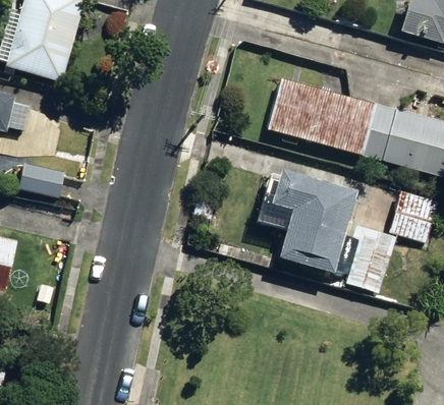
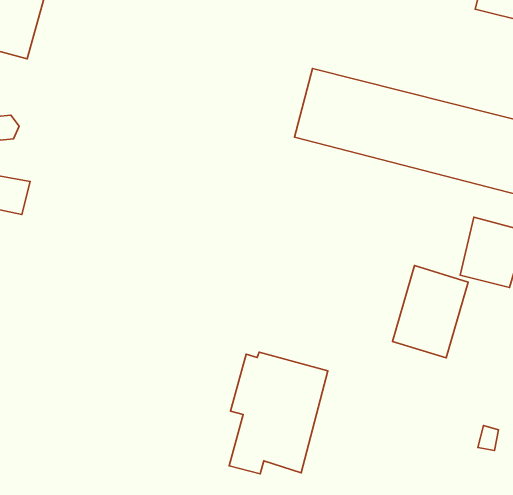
building: [266,178,349,280] -> none
building: none -> [229,352,328,474]

